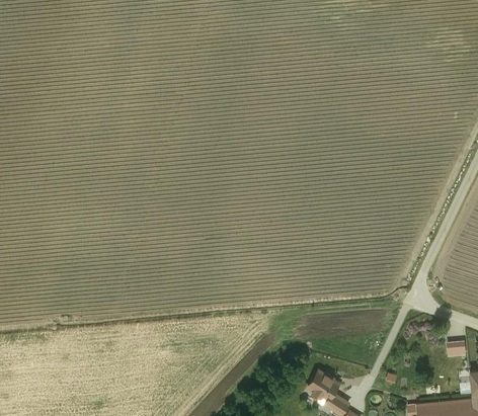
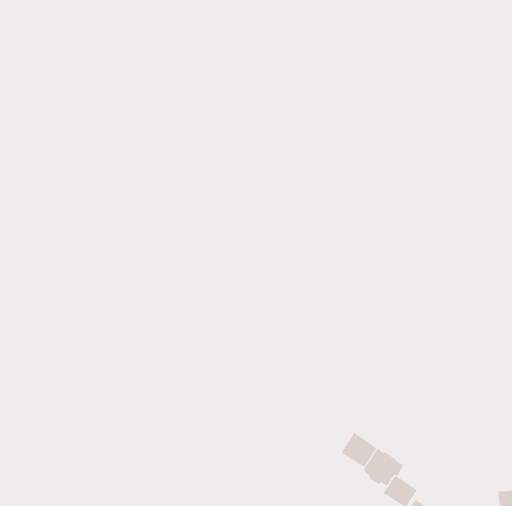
building: none -> [341,432,377,468]

